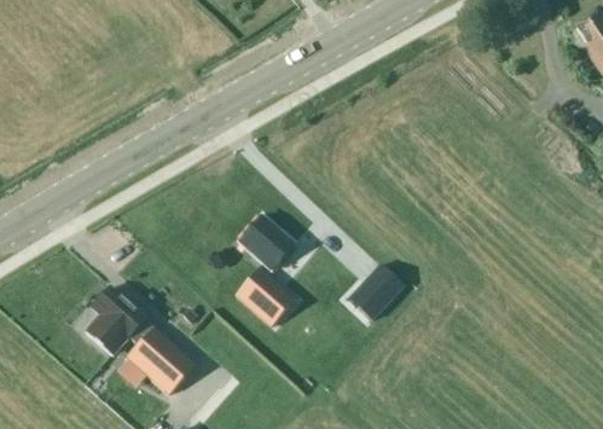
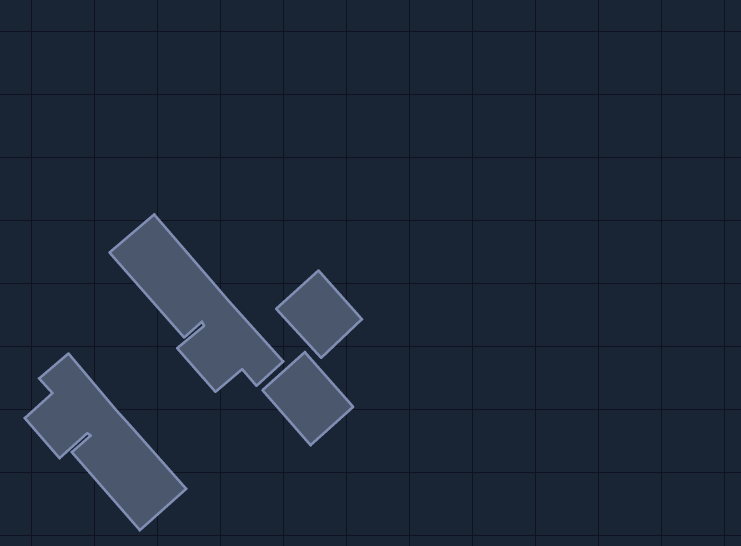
building: none -> [110,214,283,392]
building: [349,265,402,318] -> none

